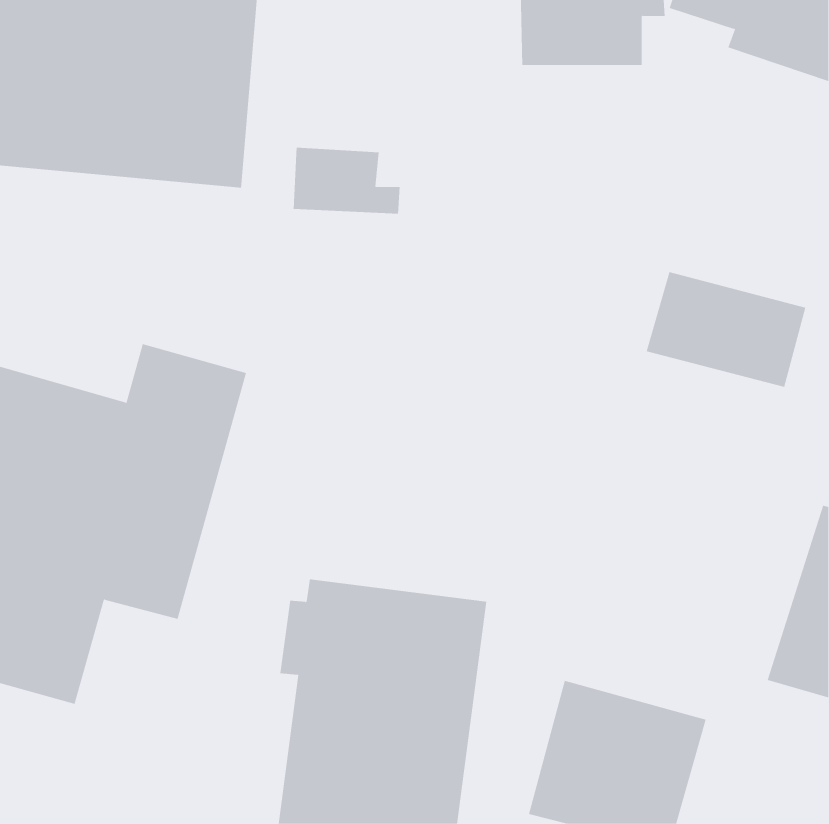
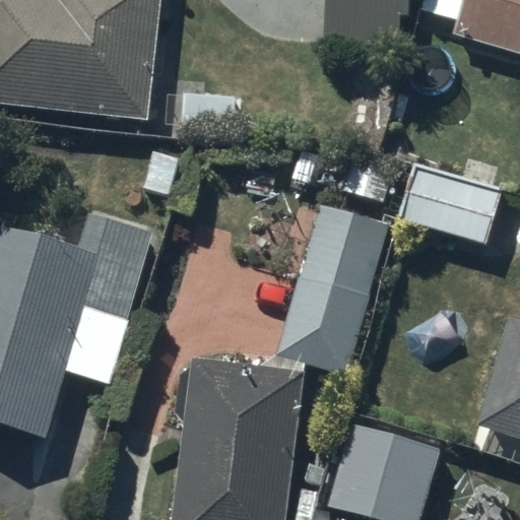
building: none -> [280,205,388,375]

